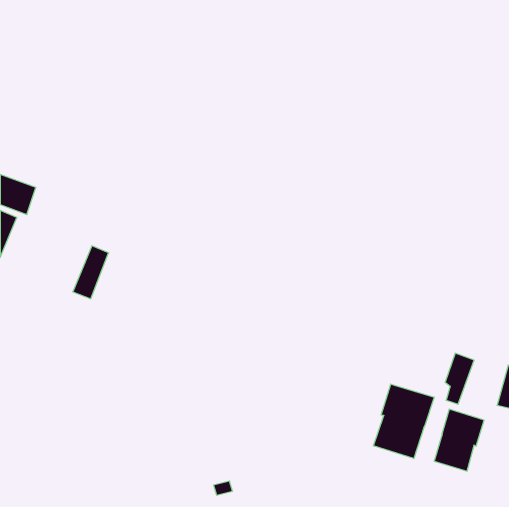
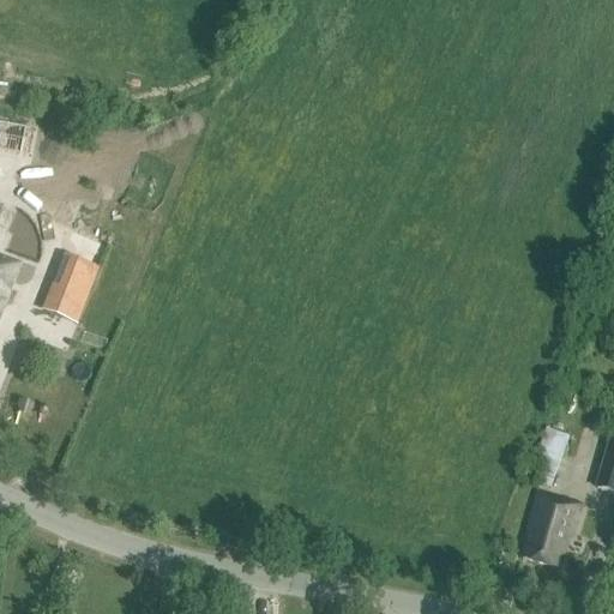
building: [73,246,109,299] -> [41,252,84,315]
building: [373,384,434,459] -> none

